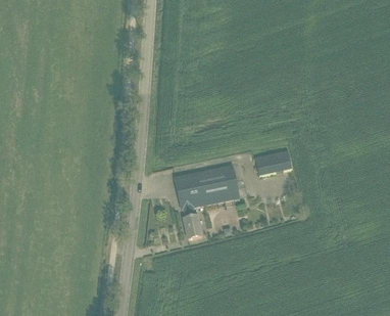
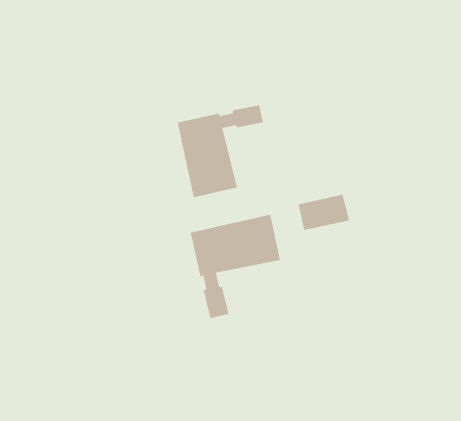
building: none -> [177,104,264,198]

